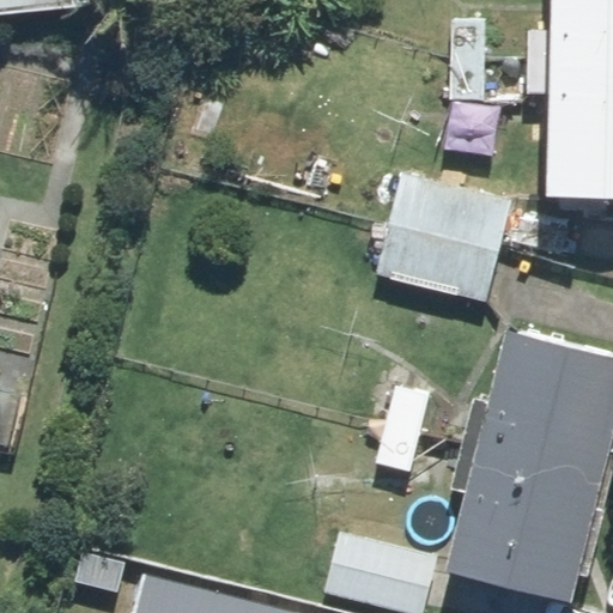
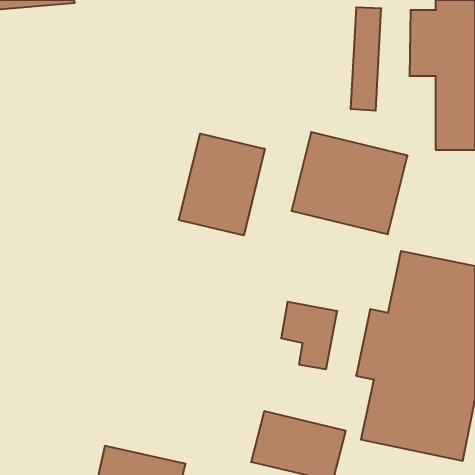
building: none -> [179,134,265,235]

